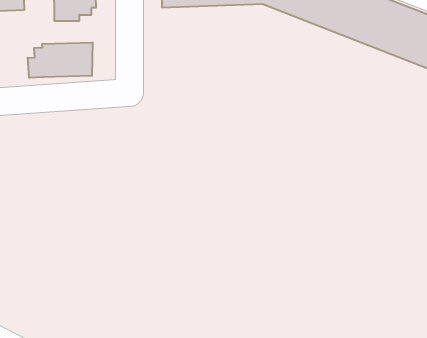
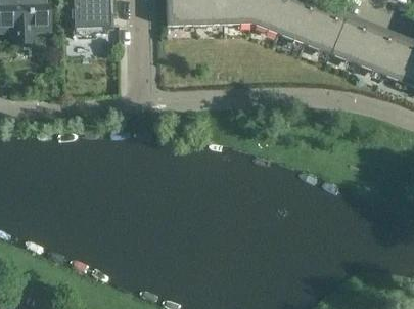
building: [28,42,92,78] -> none

